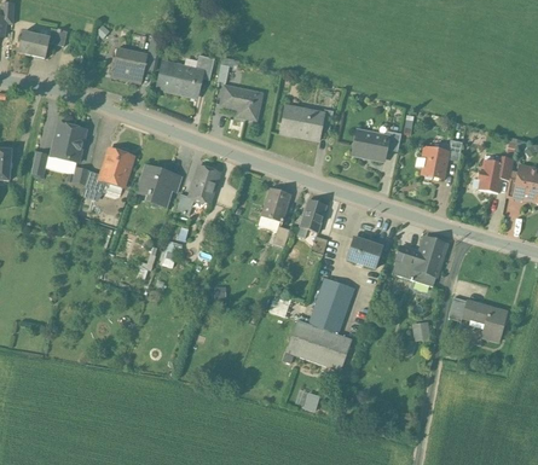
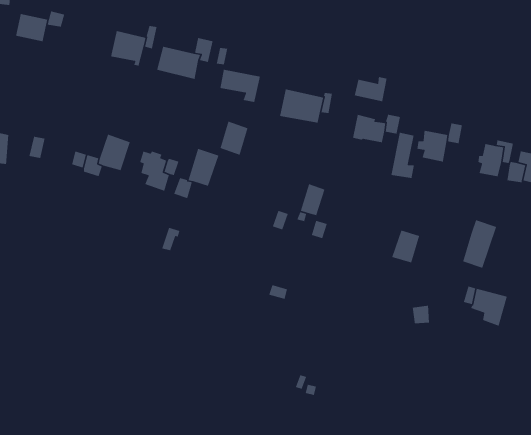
building: none -> [354,76,387,102]
building: [51,121,85,161] -> none
building: none -> [390,132,415,179]
building: [261,186,290,221] -> [219,121,249,156]
building: [346,236,382,267] -> none
building: [411,236,446,285] -> [462,219,497,269]
building: [285,277,354,370] -> none

